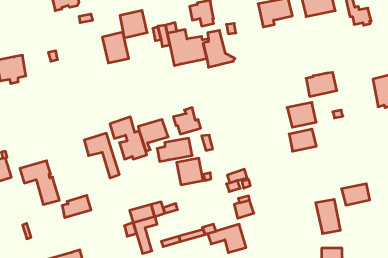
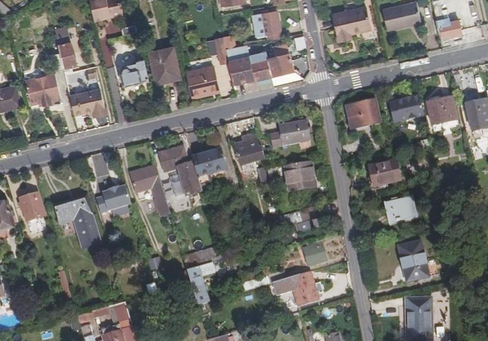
building: [120,10,147,38] -> [188,65,220,97]
building: none -> [57,35,77,71]
building: none -> [120,58,150,85]
building: none -> [70,89,106,115]
building: none -> [427,98,458,131]
building: [287,102,316,127] -> [346,100,380,129]
building: [157,138,192,161] -> [269,120,310,147]
building: [177,158,203,185] -> [284,160,315,191]
building: [341,184,370,205] -> [384,196,417,221]
building: [62,195,91,218] -> [96,186,130,212]

